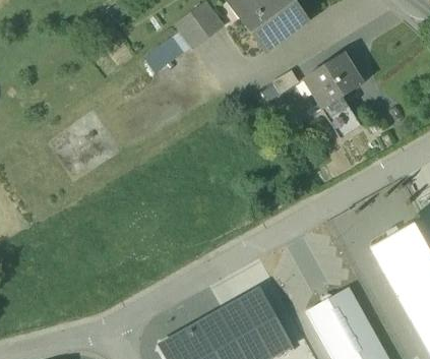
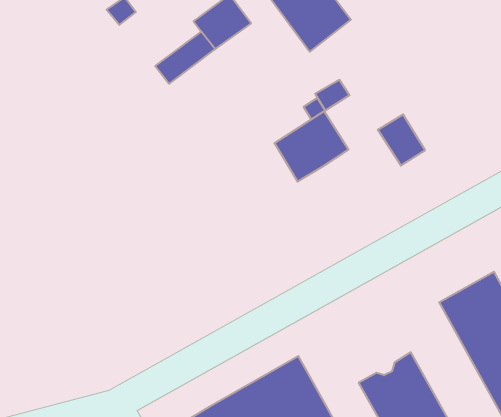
building: [304,54,363,110] -> [274,111,349,182]

